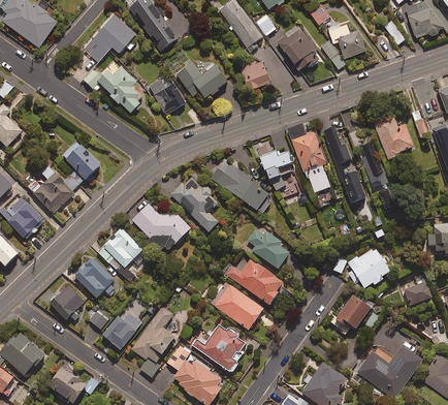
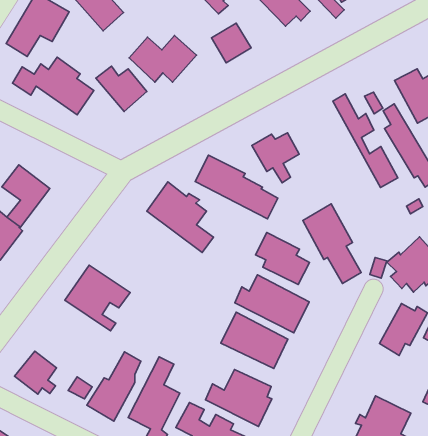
building: [291,130,329,192] -> [303,204,361,284]
building: [131,202,189,250] -> none
building: [73,256,116,298] -> none

